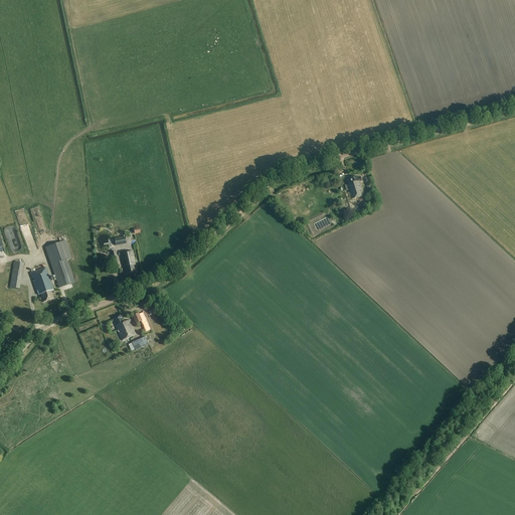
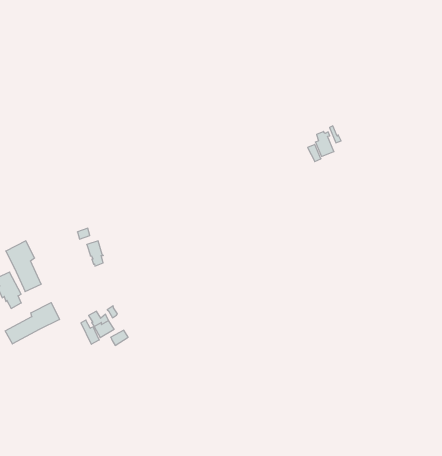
building: none -> [5,303,59,344]

